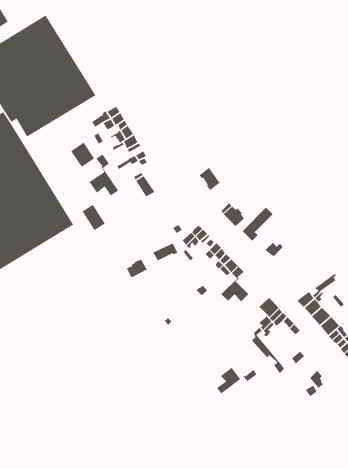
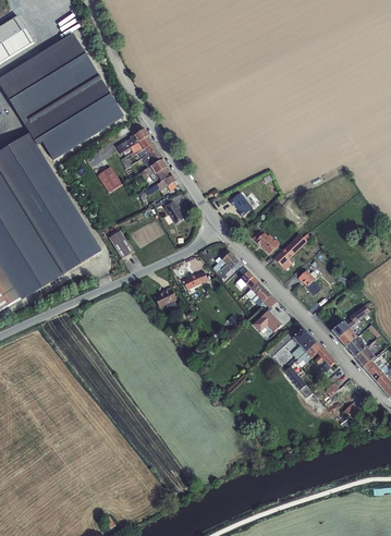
building: [89,153,119,197] -> none
building: [216,367,258,394] -> none

